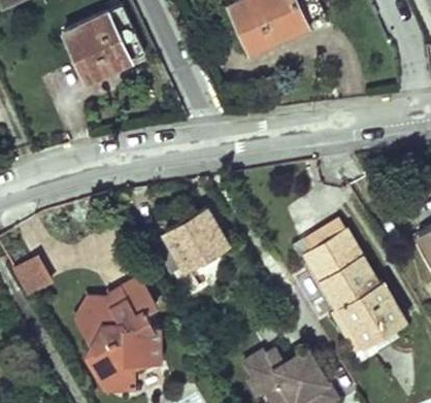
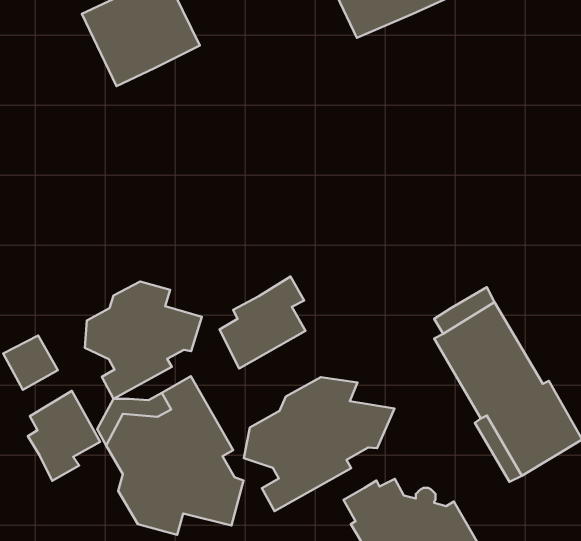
building: none -> [85,282,202,399]
building: none -> [244,377,394,511]
building: none -> [28,391,100,481]

